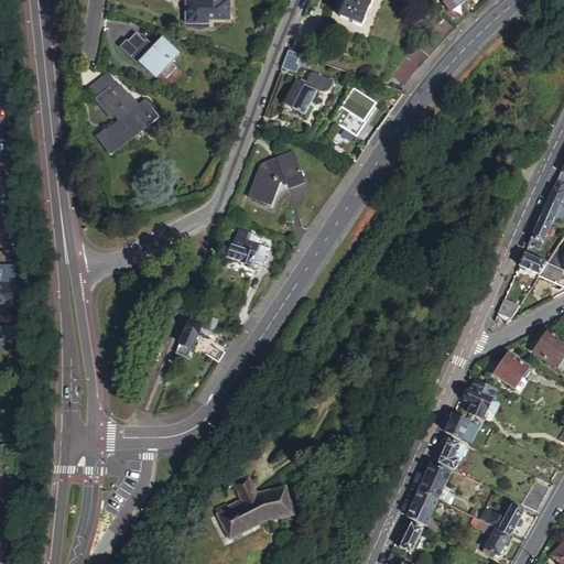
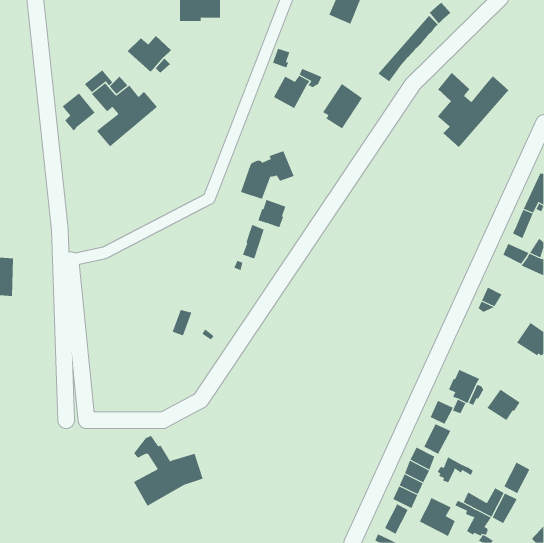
building: none -> [437,72,509,148]
building: none -> [62,92,96,132]
building: [227,234,257,263] -> [257,199,286,228]
building: [492,356,528,389] -> [486,389,521,421]
building: [217,458,290,532] -> [133,435,204,507]
building: none -> [437,457,474,483]
building: none -> [419,497,455,537]

